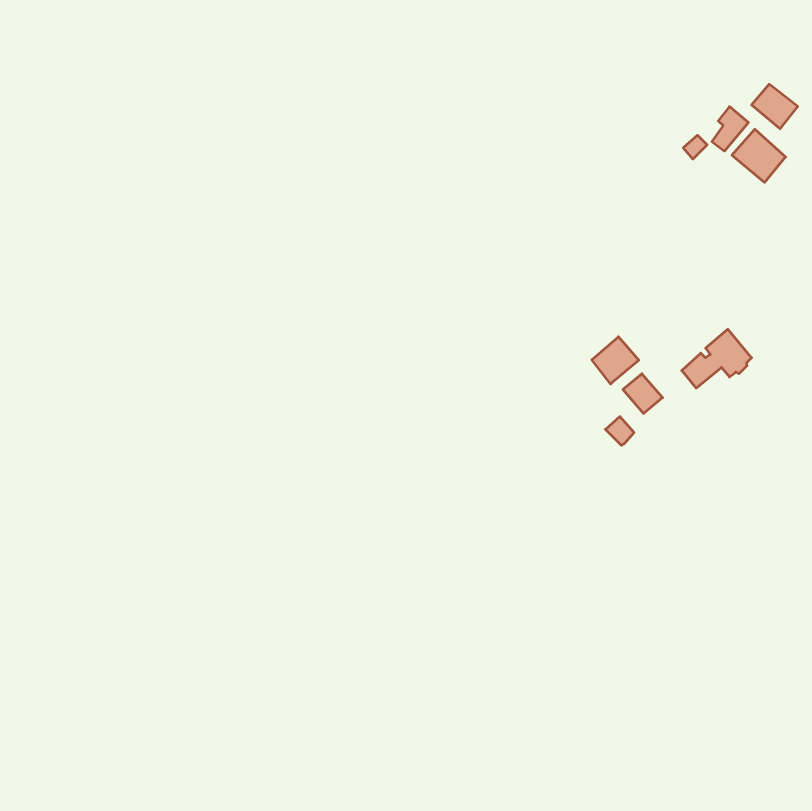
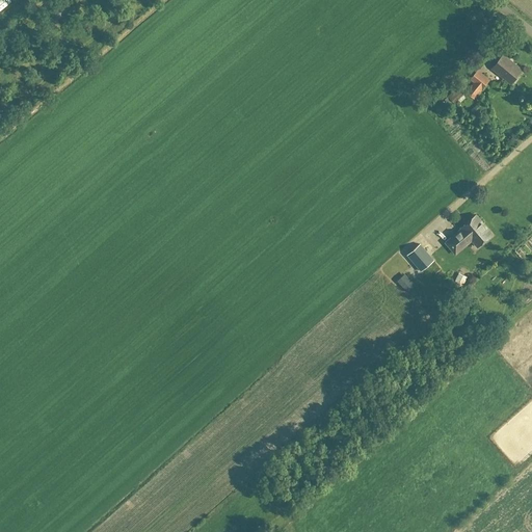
building: [732,129,786,182] -> none
building: [592,337,639,384] -> none

